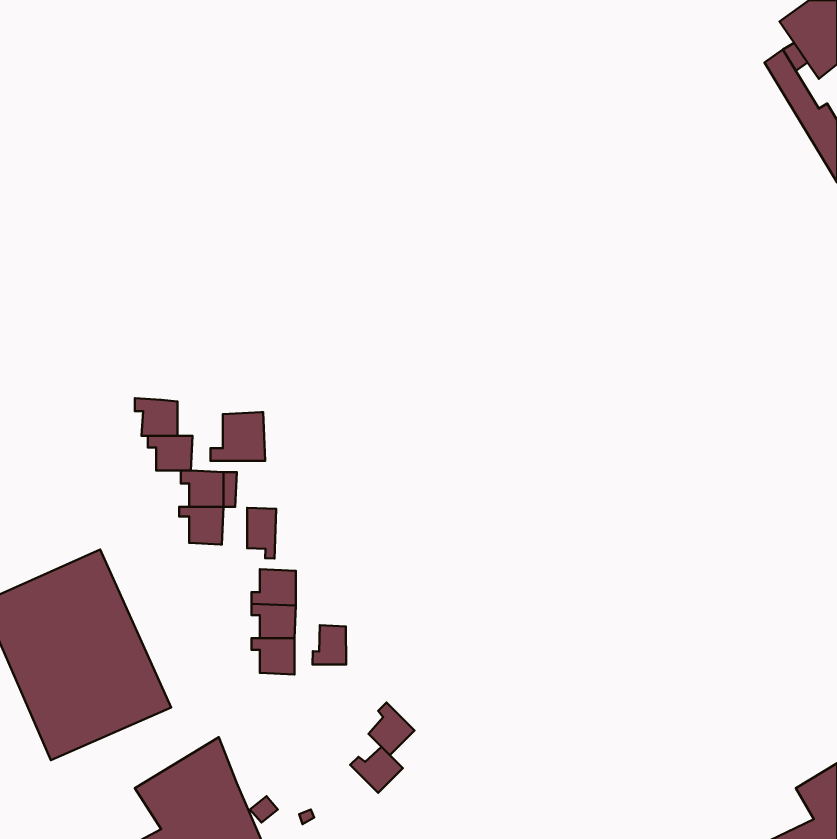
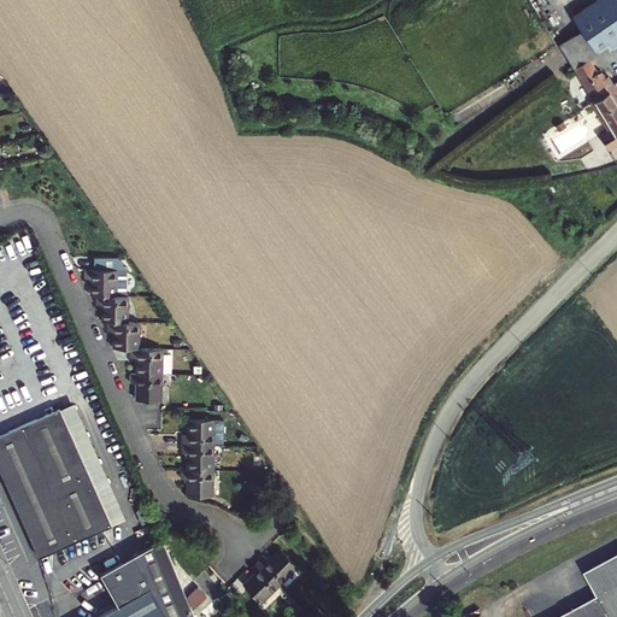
building: none -> [87,268,119,294]
building: [211,412,265,461] -> none
building: [247,508,276,559] -> none
building: [313,625,346,664] -> none
building: [368,702,414,755] -> [243,562,277,600]

